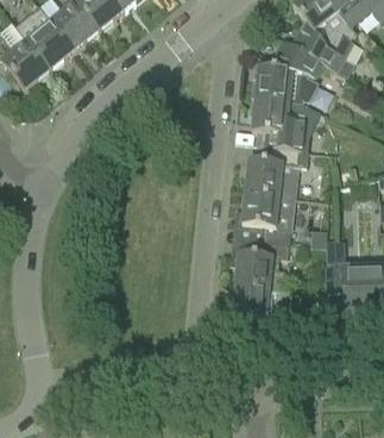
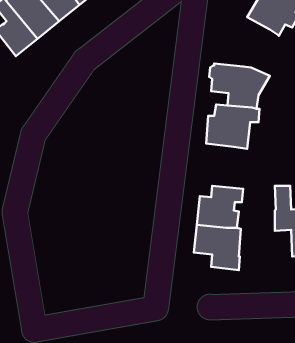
building: [252,38,325,102] -> none
building: [243,190,294,243] -> none

